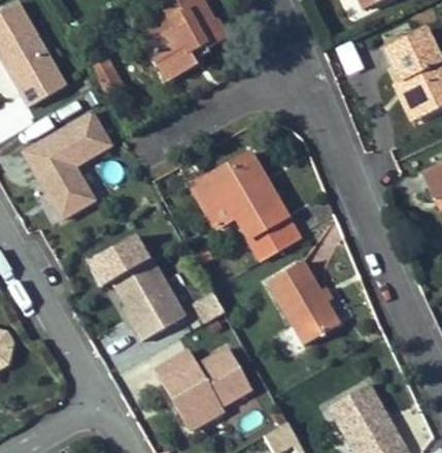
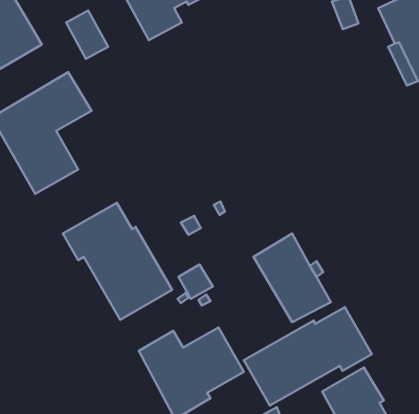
building: [190,147,304,260] -> none
building: none -> [244,307,372,406]

